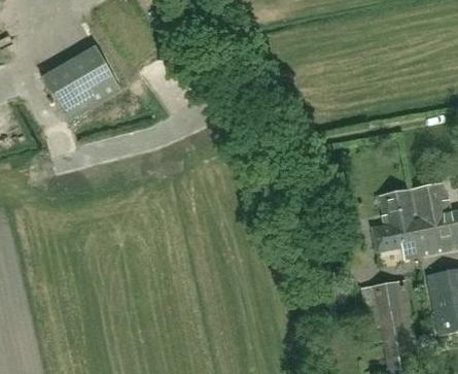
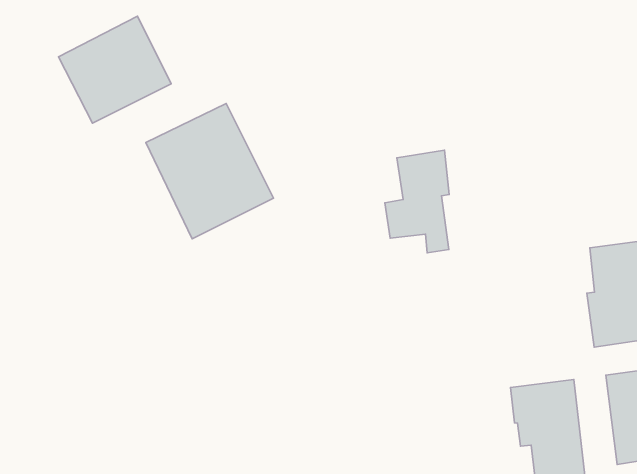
building: none -> [146,104,274,239]
building: [373,189,418,259] -> [385,150,449,253]

